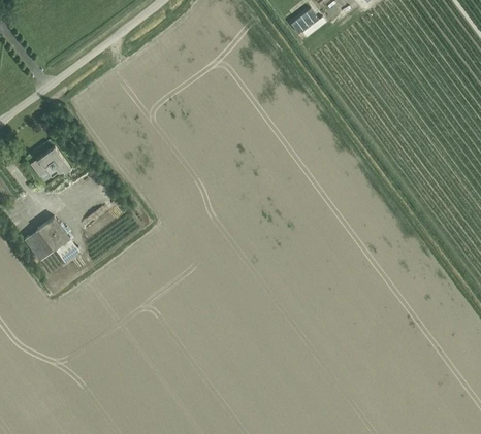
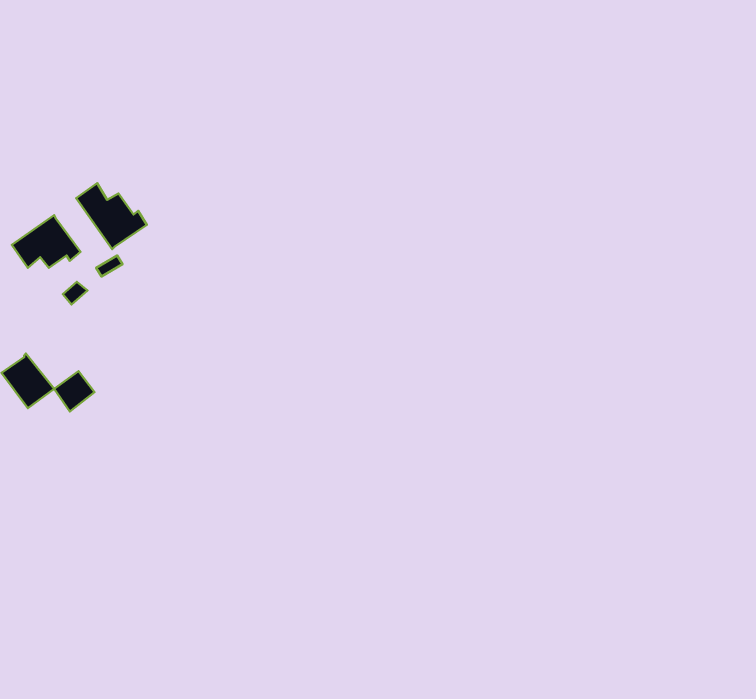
building: none -> [76,183,147,249]
building: [38,215,69,247] -> none

